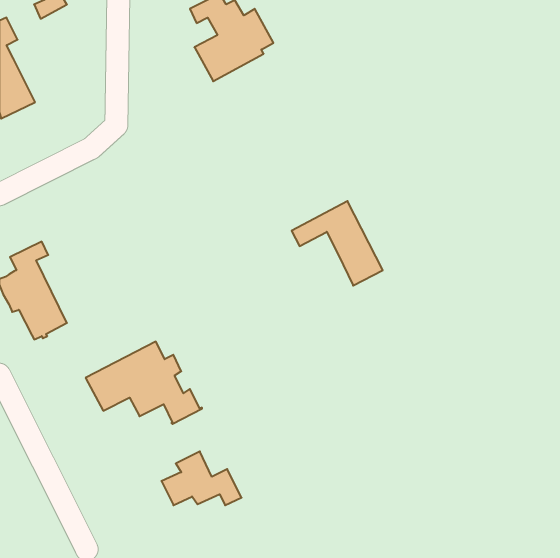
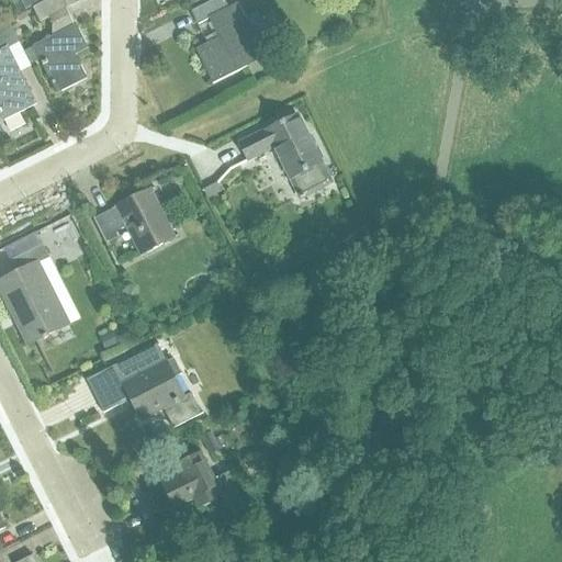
building: none -> [33,12,87,90]
building: none -> [92,187,173,251]
building: [292,201,383,286] -> [239,113,330,198]

